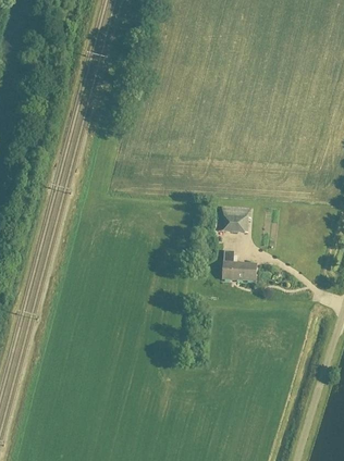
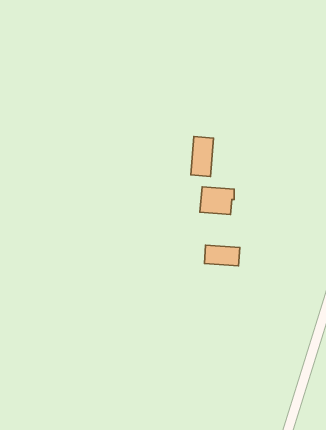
building: none -> [191,137,213,176]

